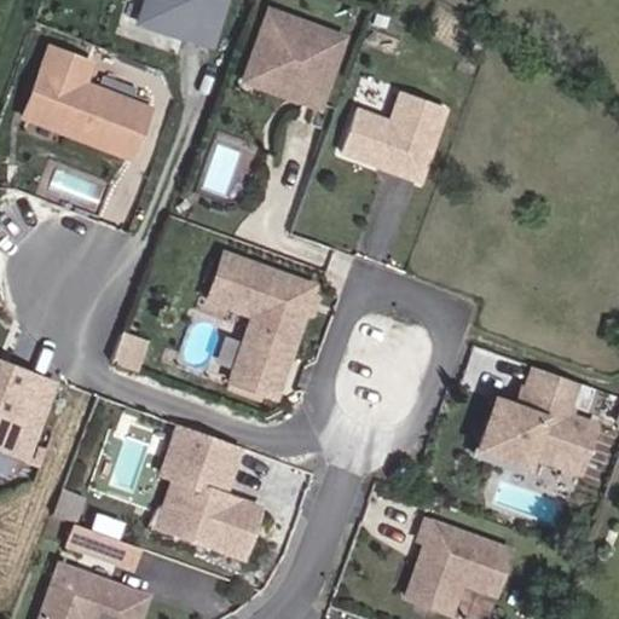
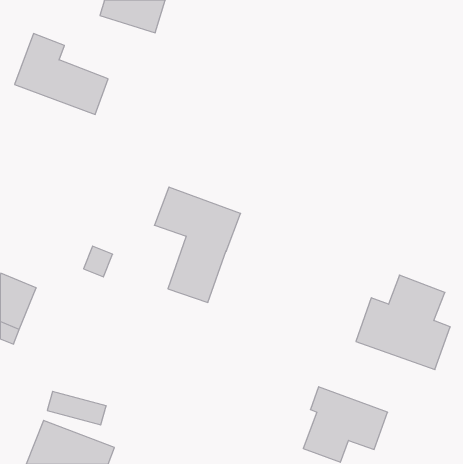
building: [237,7,348,117] -> none
building: [341,89,450,185] -> none
building: [152,424,266,565] -> none

